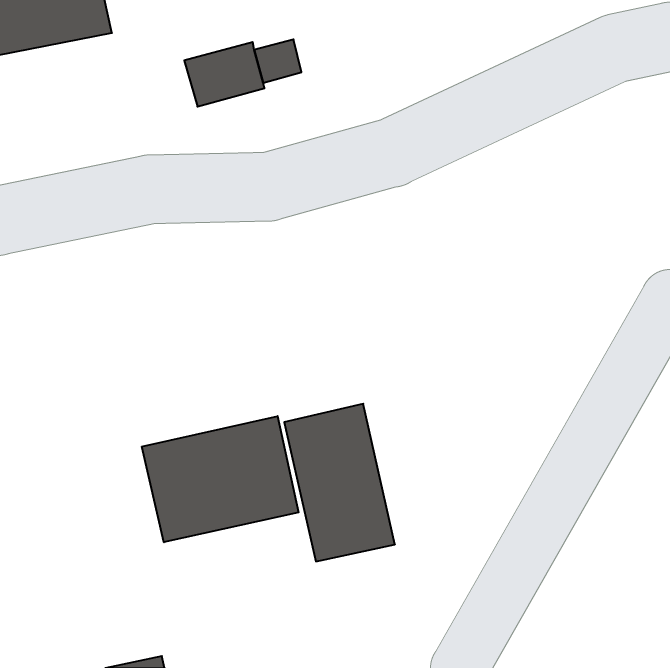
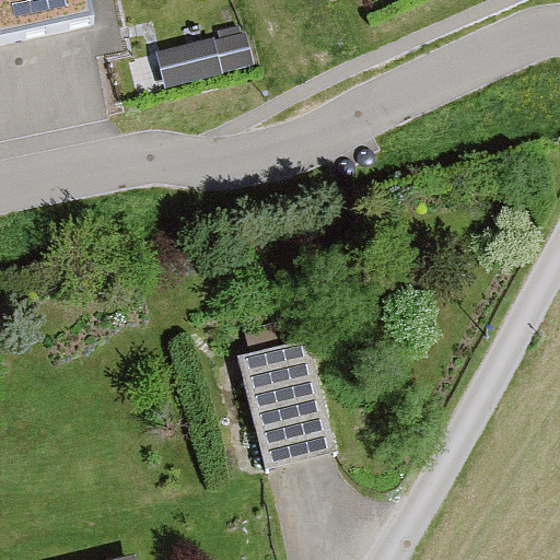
building: [142,416,299,542] -> none

